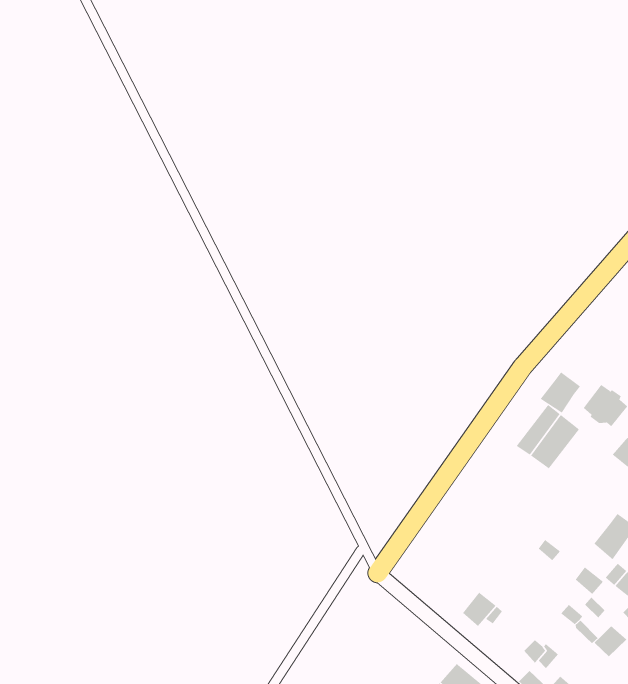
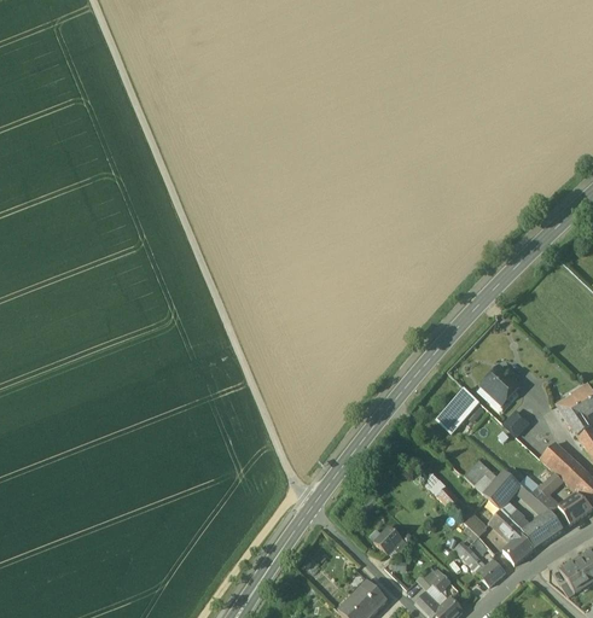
building: [540,372,581,413] -> none
building: none -> [465,460,499,494]

